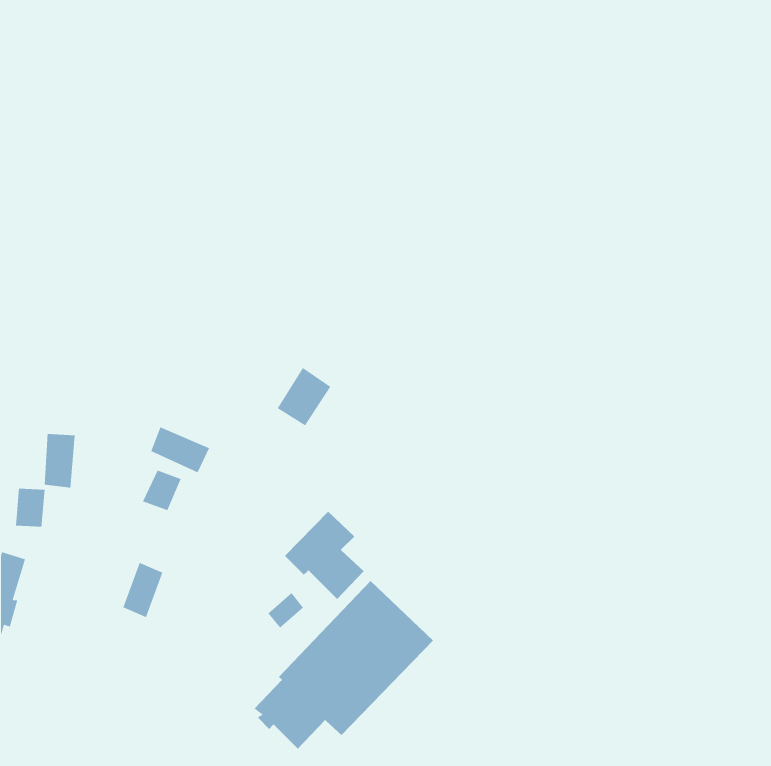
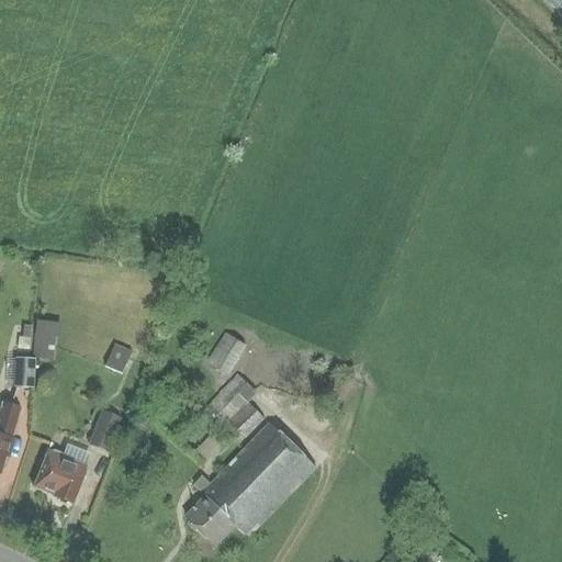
building: [277,367,331,426] -> [207,329,247,372]
building: [150,427,210,473] -> none
building: none -> [34,449,87,503]

